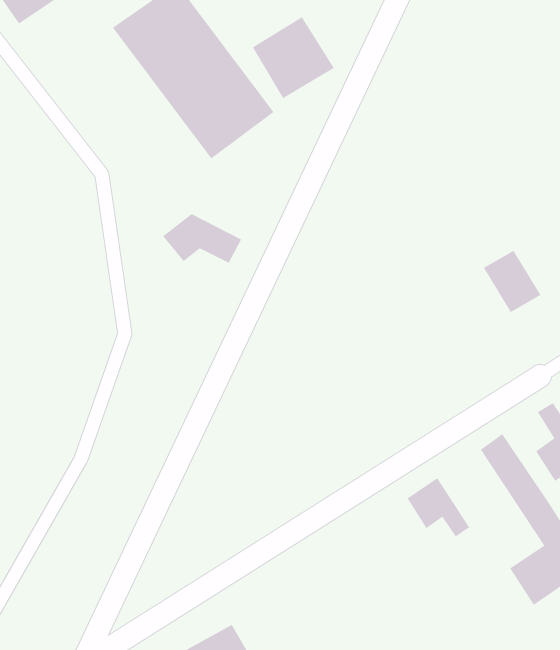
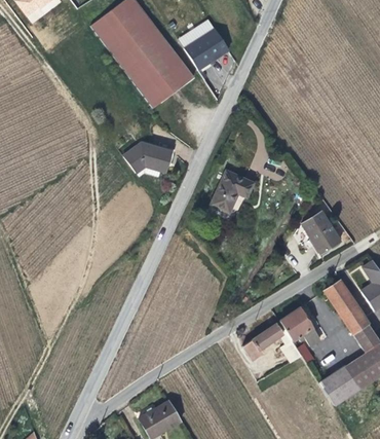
building: [483,250,542,313] -> [299,214,336,254]
building: none -> [207,169,250,209]
building: none -> [240,321,300,362]
building: none -> [317,366,358,406]

